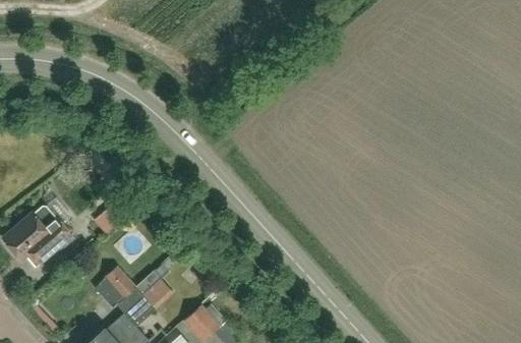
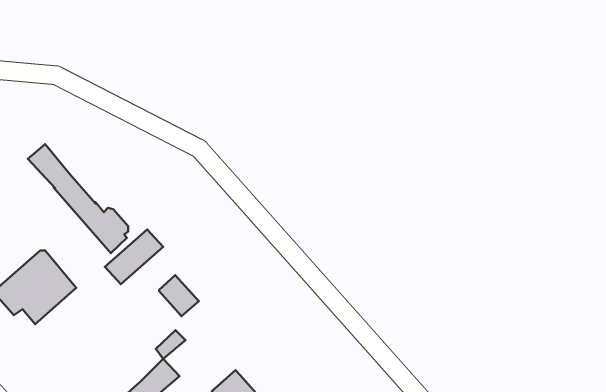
building: none -> [28,144,128,253]
building: [104,267,136,300] -> [159,275,199,316]

